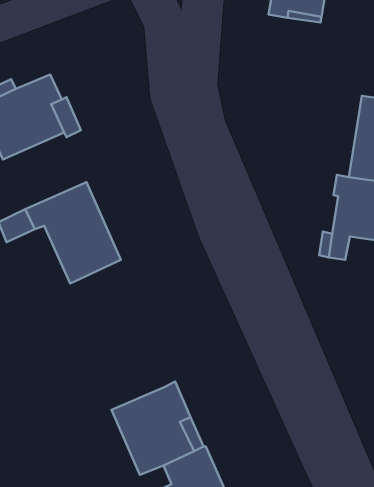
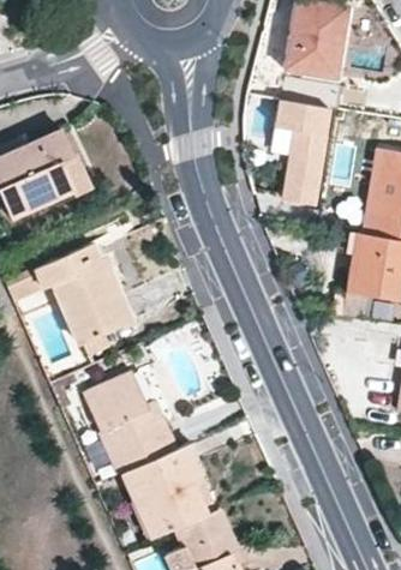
building: none -> [275,102,330,206]
building: none -> [85,373,175,474]

